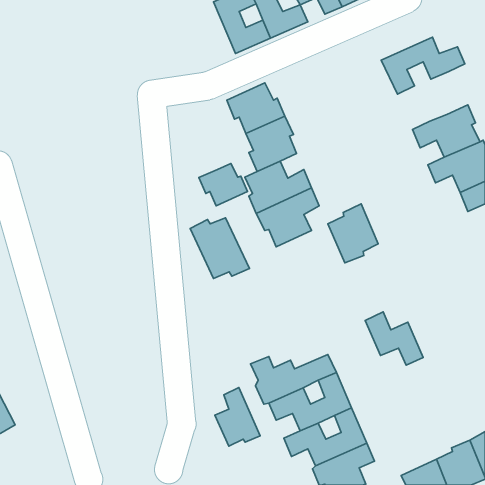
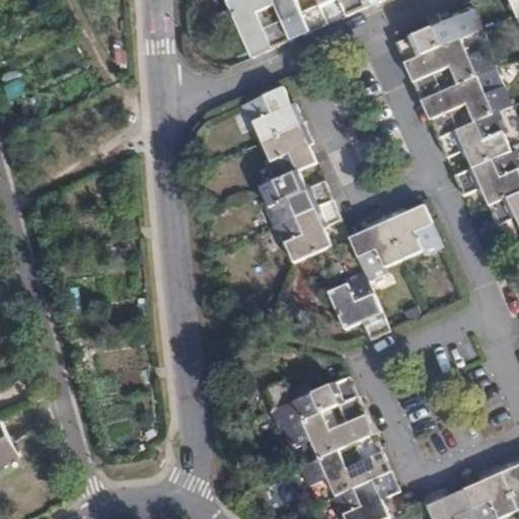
building: none -> [397,8,484,64]
building: none -> [423,76,511,138]
building: [199,164,247,206] -> none
building: none -> [384,205,442,260]
building: [190,218,250,278] -> none
building: [365,312,423,365] -> [328,283,390,340]
building: [215,388,260,446] -> none

